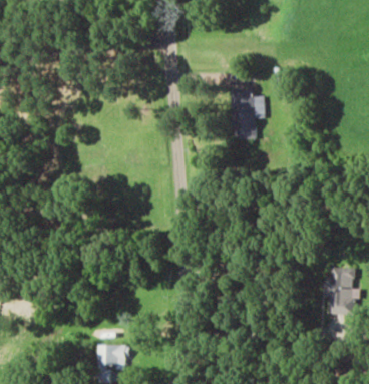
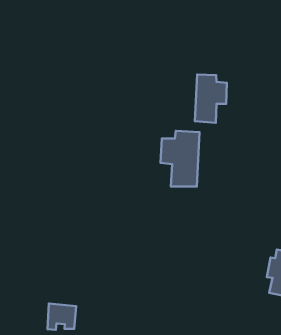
building: none -> [160,131,200,187]

